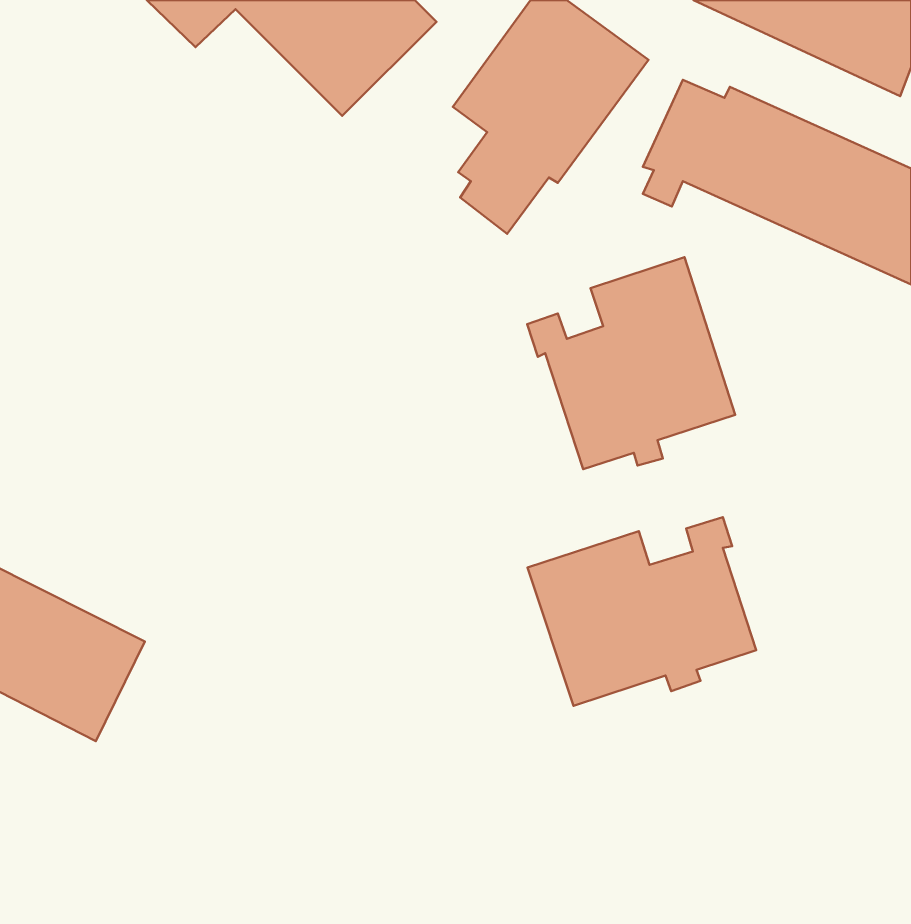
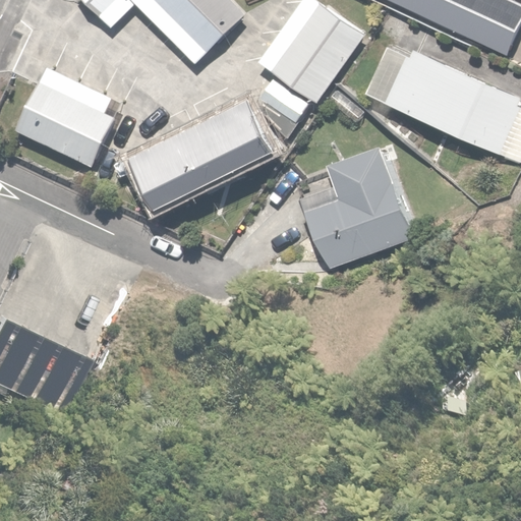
building: none -> [15,62,124,165]
building: none -> [130,102,271,206]
building: [528,517,756,706] -> none

